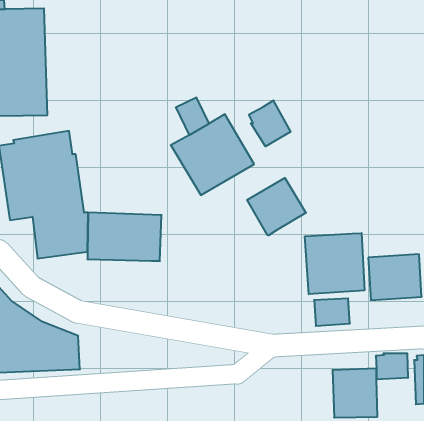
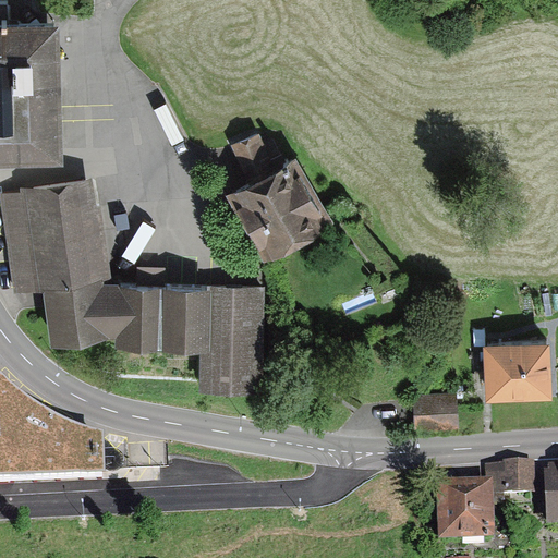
building: [249,100,291,146] -> none
building: [247,178,306,235] -> none
building: none -> [197,288,265,393]
building: [305,233,364,294] -> none

